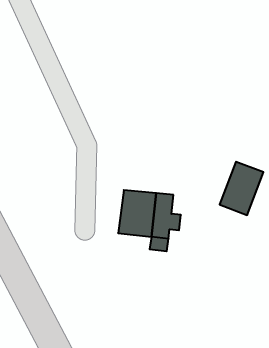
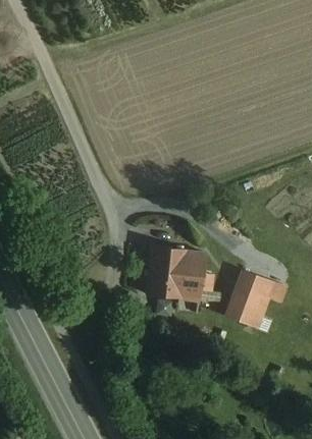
building: [220,162,263,215] -> [228,272,275,329]

